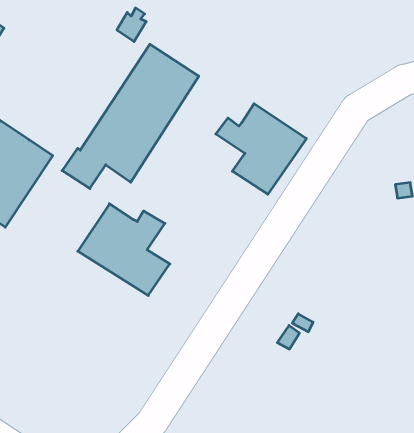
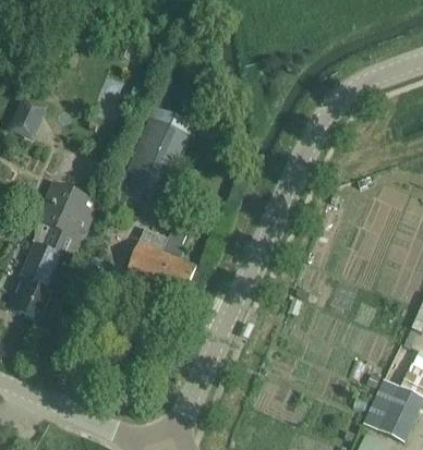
building: [216,104,306,194] -> none

